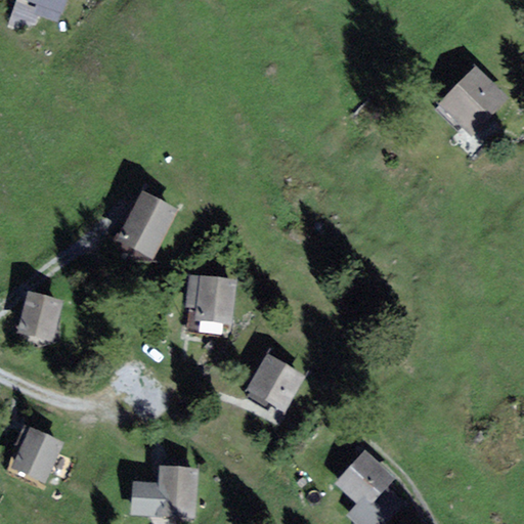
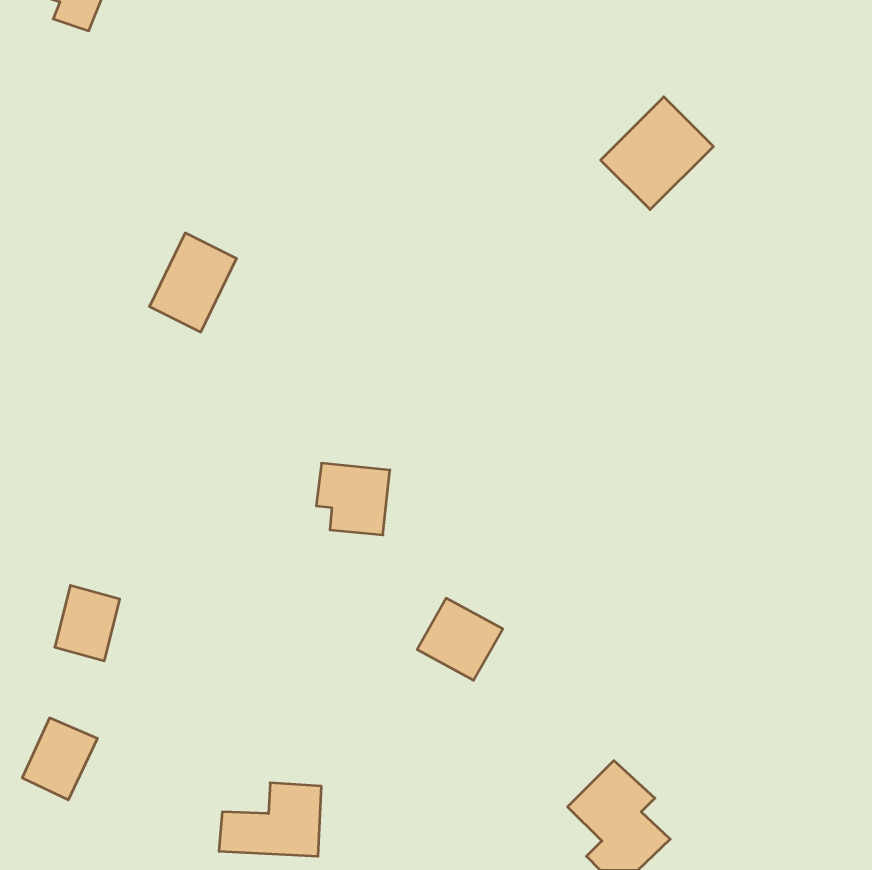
building: [438,68,506,135] -> [601,97,713,210]
building: [121,195,173,255] -> [149,233,237,332]
building: [20,293,59,338] -> [55,585,120,661]

